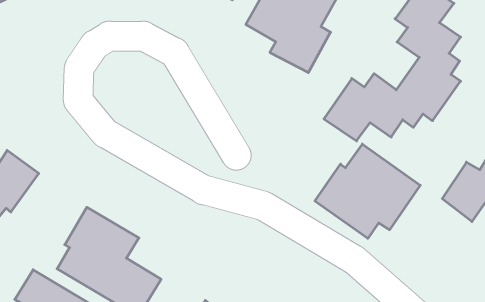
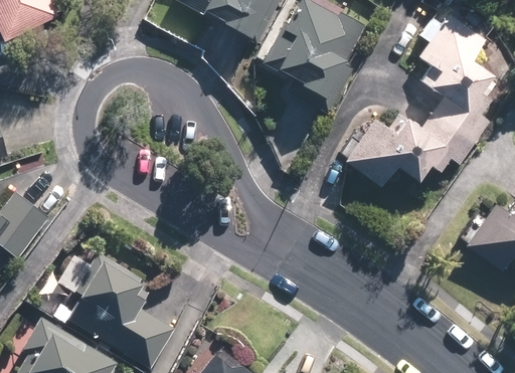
building: [315,144,420,238] -> none

